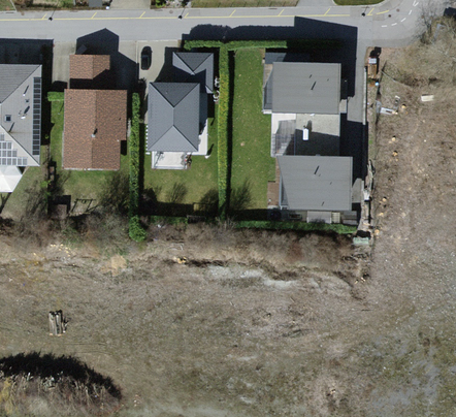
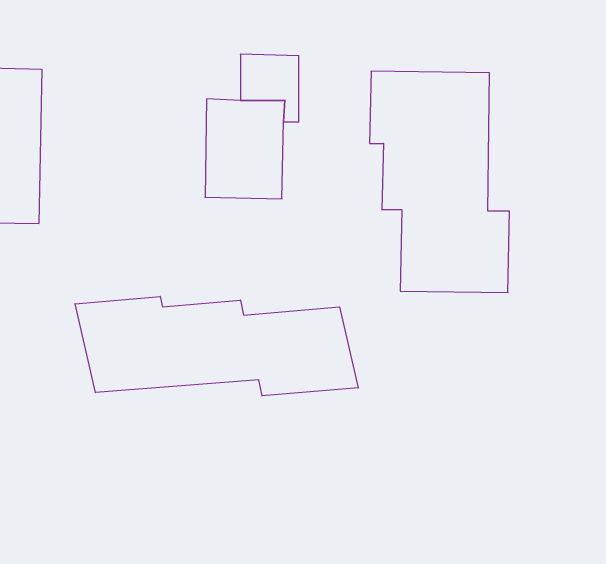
building: [63,52,126,167] -> none
building: none -> [75,296,358,396]

